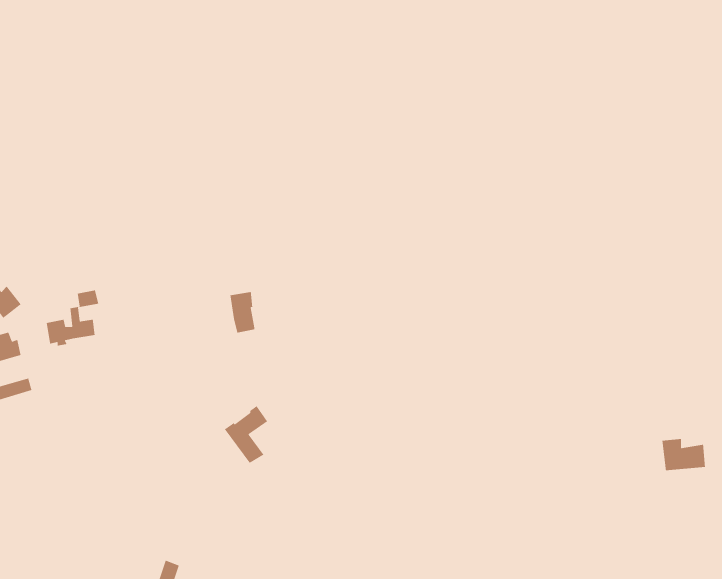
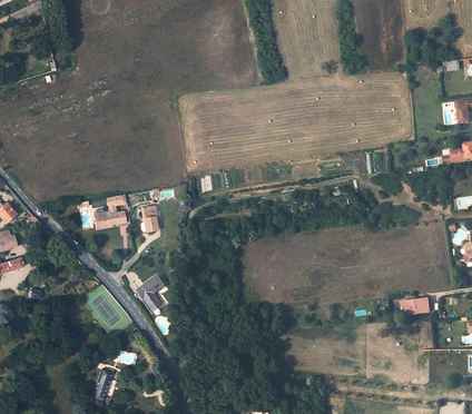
building: [46,289,99,346] -> [94,194,126,228]

